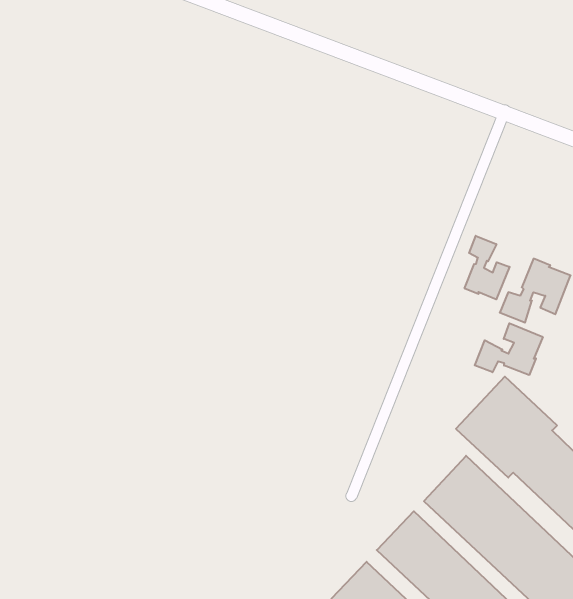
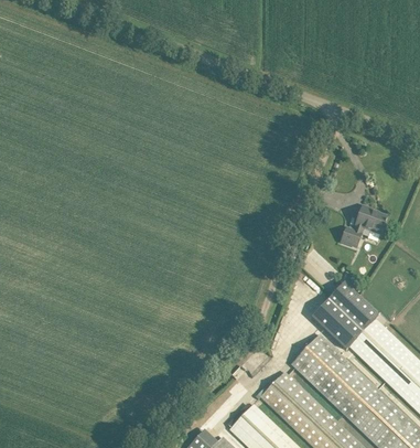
building: [465,236,510,299] -> none
building: [475,323,543,375] -> none

